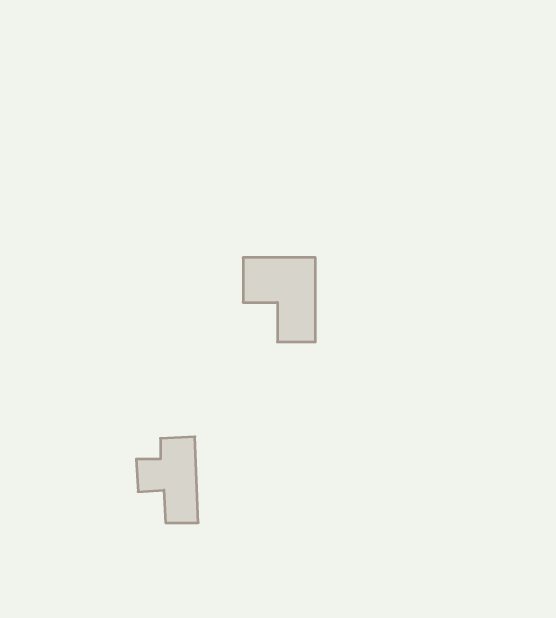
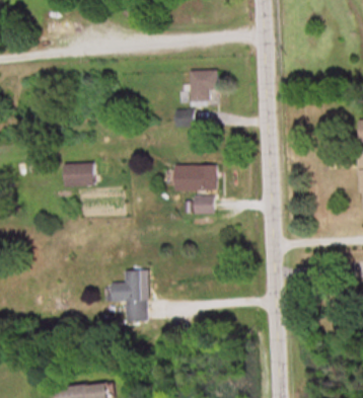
building: none -> [191,69,217,103]
building: none -> [63,163,94,186]

